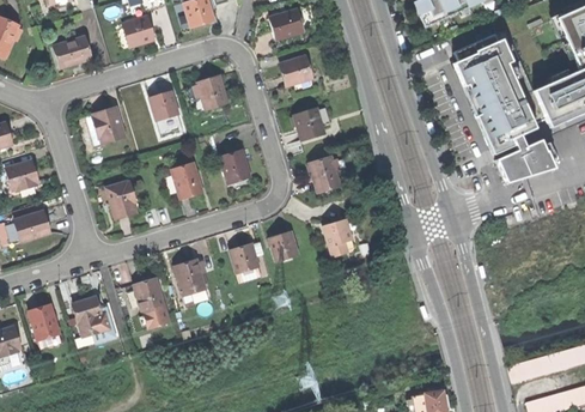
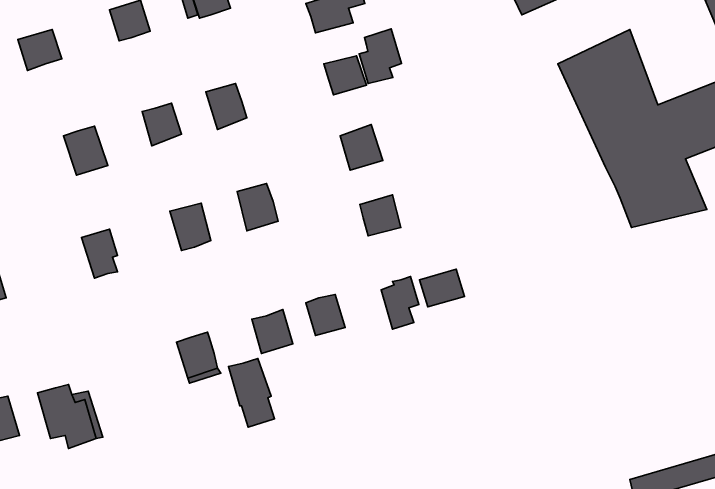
building: none -> [359,29,402,84]
building: none -> [420,269,465,307]
building: [134,278,167,328] -> [229,358,274,427]

